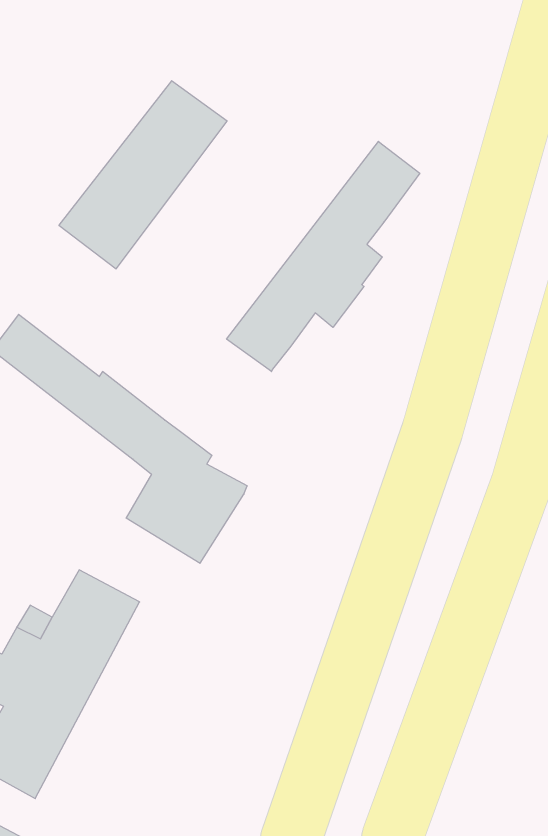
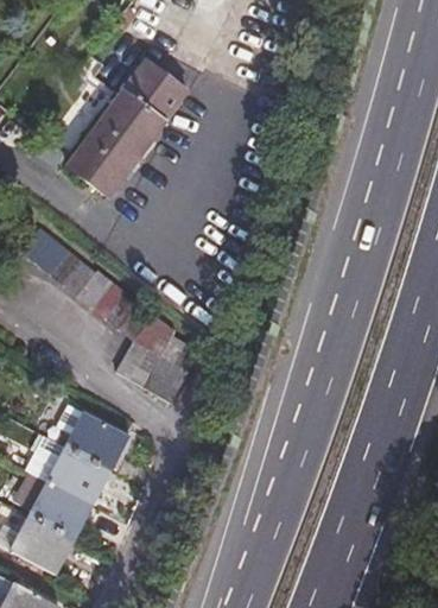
building: [227,141,420,372] -> none

